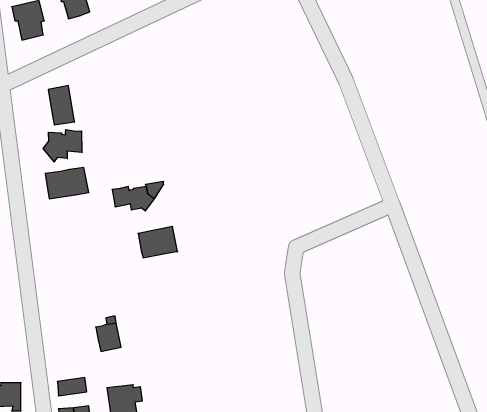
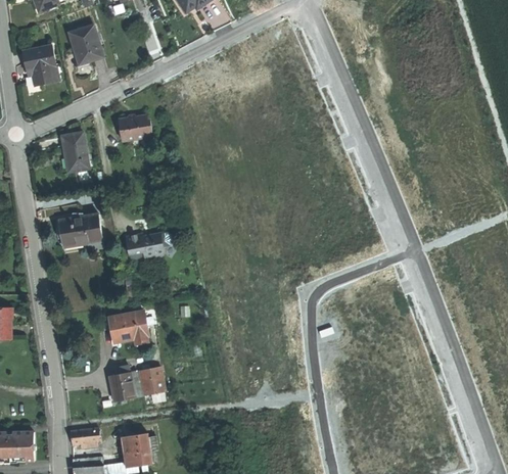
building: none -> [114,120,143,142]
building: [43,130,82,162] -> none
building: [138,226,178,258] -> [108,311,148,342]
building: none -> [140,364,165,392]

